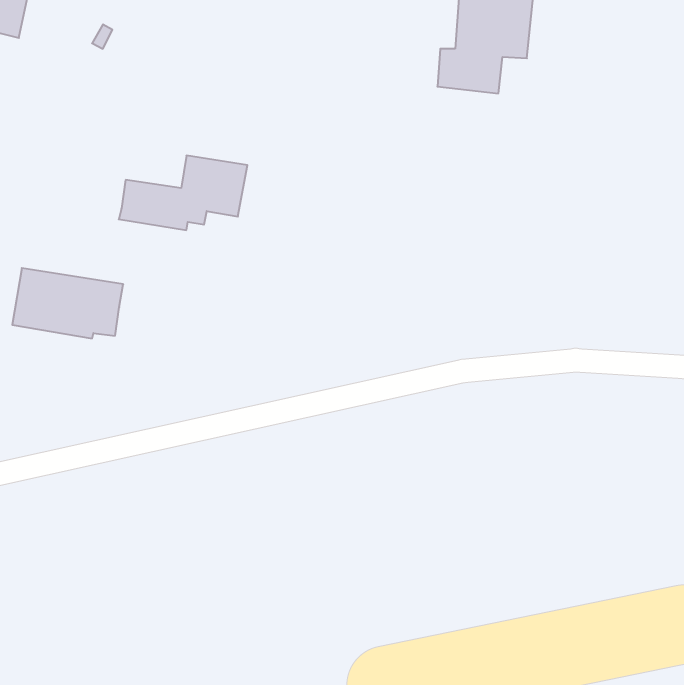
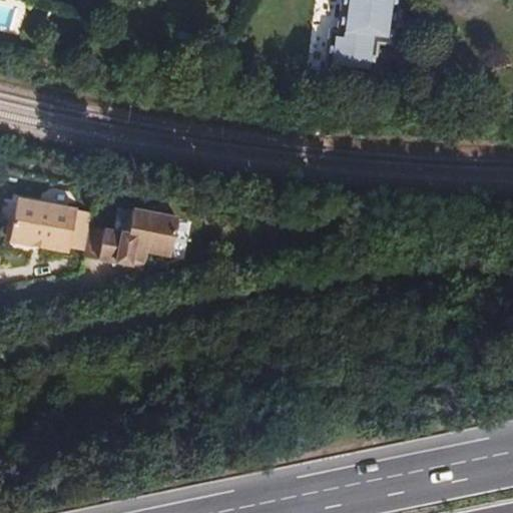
building: [119,156,247,230] -> [83,209,178,265]

